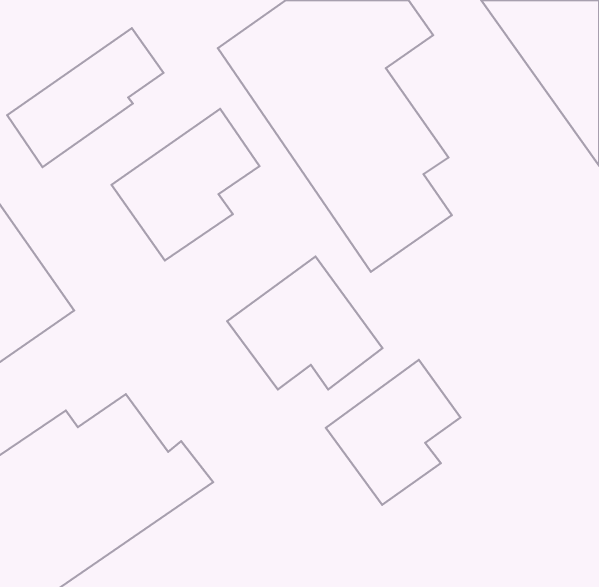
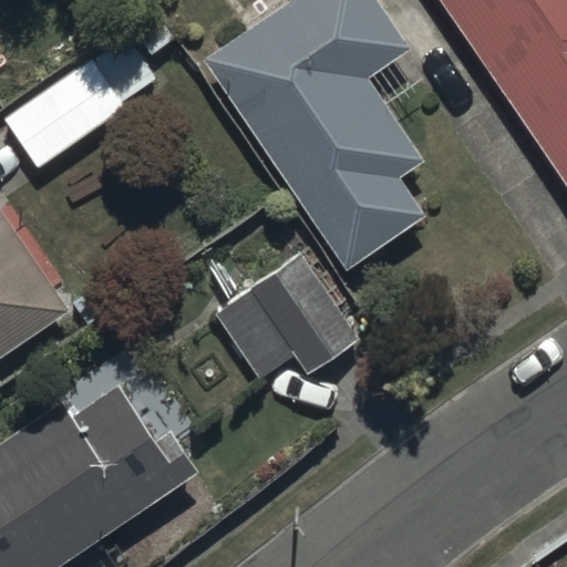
building: [112,109,259,261] -> none
building: [326,360,461,505] -> none

